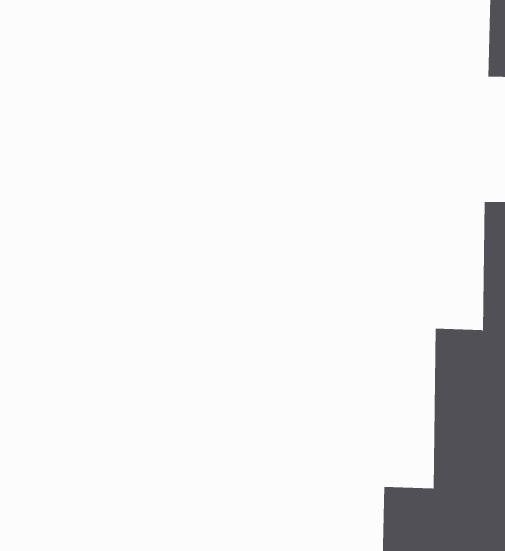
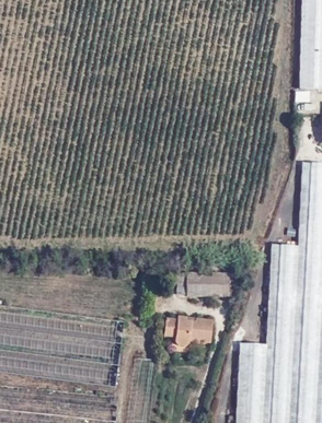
building: none -> [191,271,232,294]
building: none -> [170,314,216,343]

